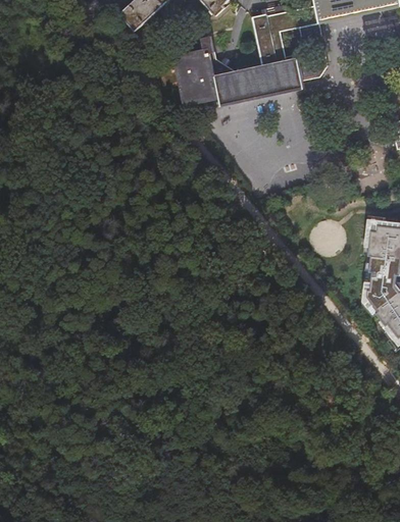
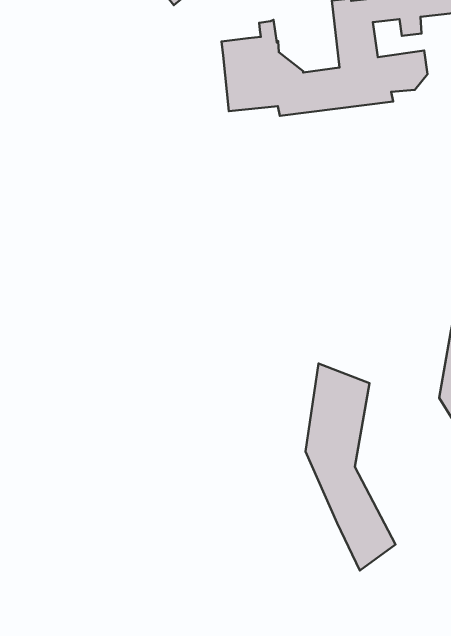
building: none -> [306,363,395,571]

